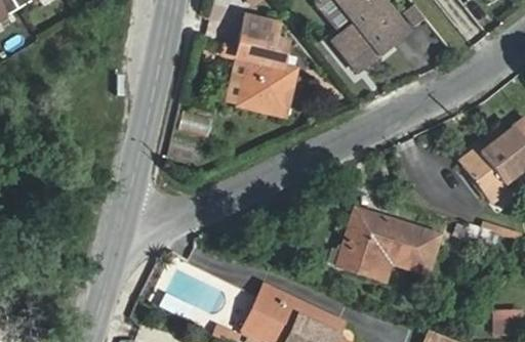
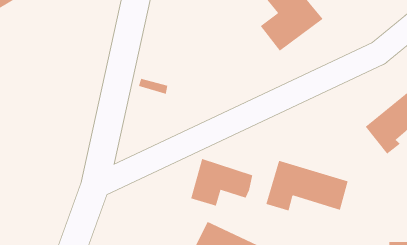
building: [227,14,295,118] -> none
building: none -> [191,158,253,206]

